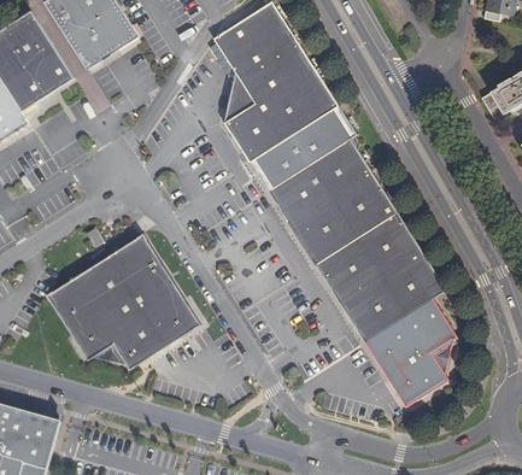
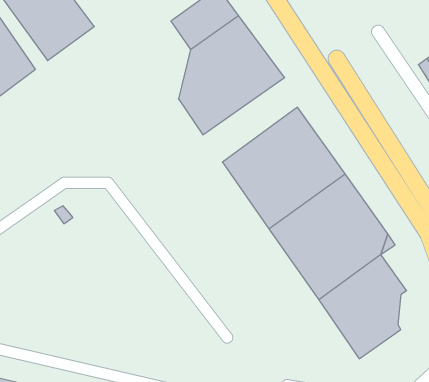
building: [247,104,356,190] -> none
building: [46,234,199,368] -> none

